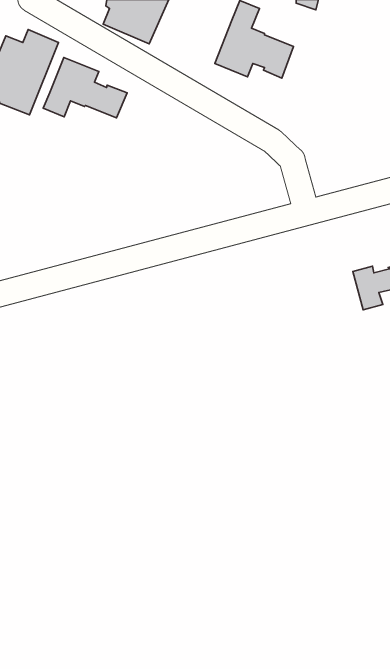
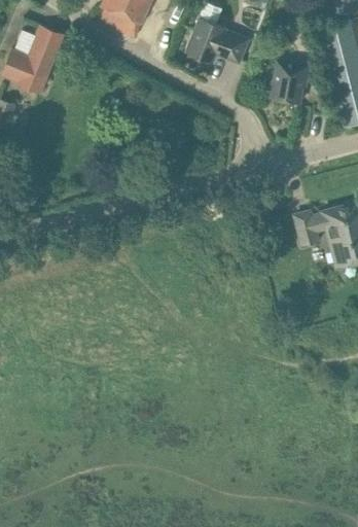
building: [43,58,127,118] -> none
building: none -> [271,59,310,102]

